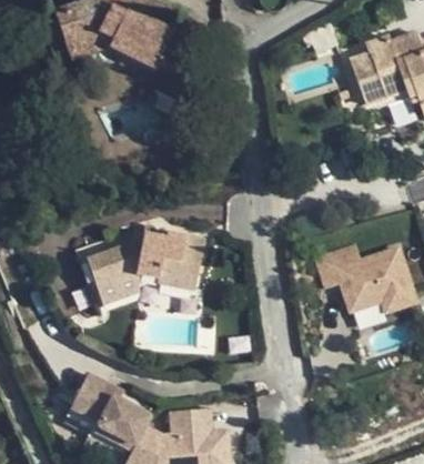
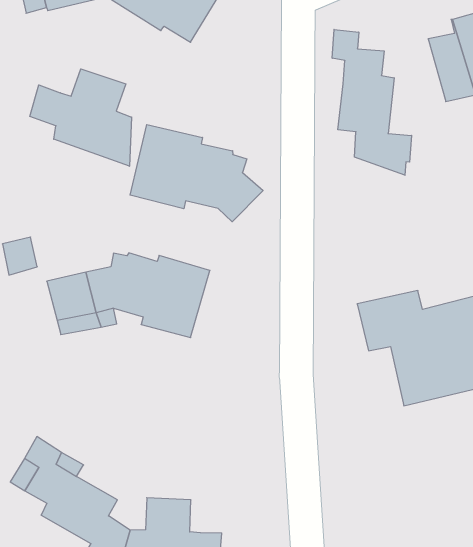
building: none -> [332,29,412,175]
building: none -> [30,69,132,166]
building: none -> [130,125,263,222]

